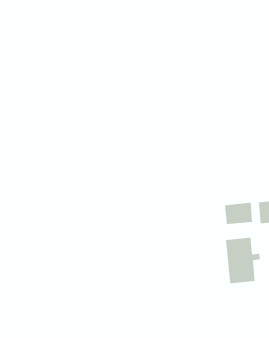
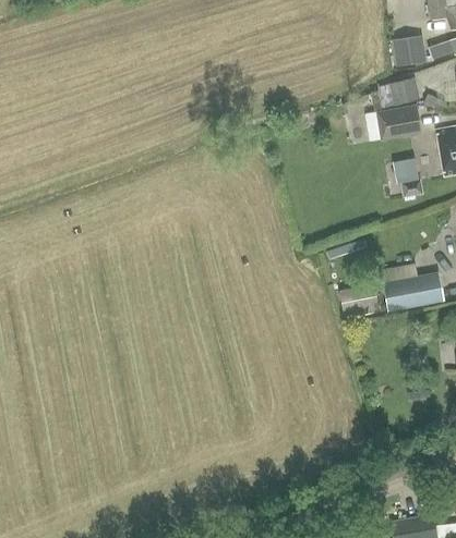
building: [225,237,261,284] -> none

